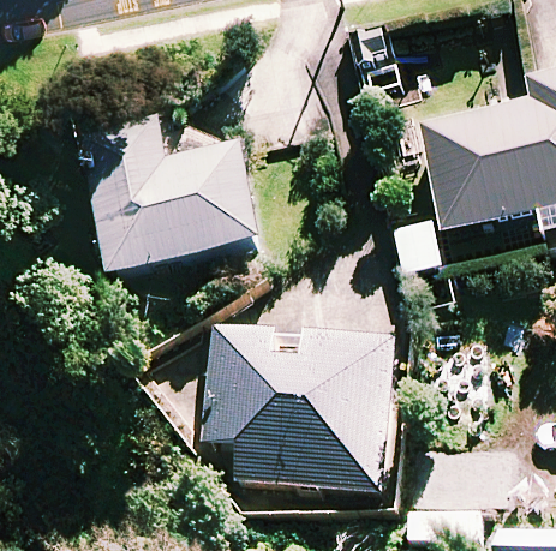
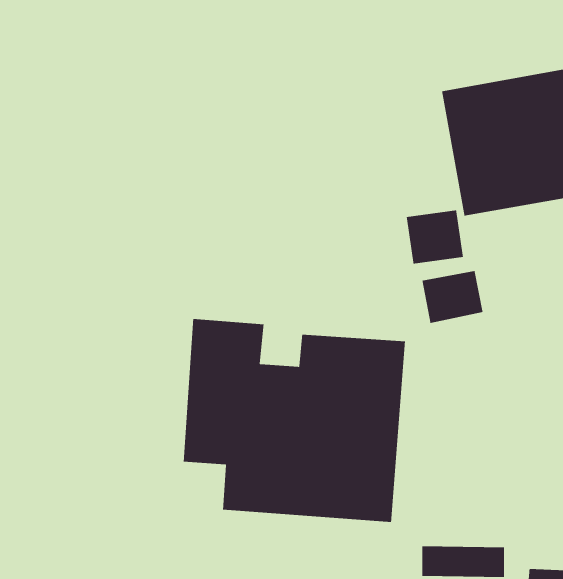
building: [85,144,262,271] -> none

